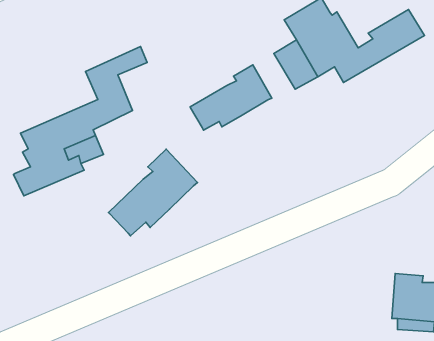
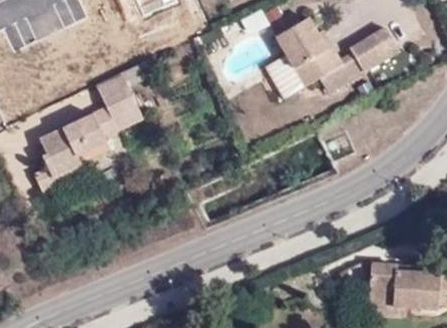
building: [190,65,272,130] -> none
building: [109,149,198,236] -> none

